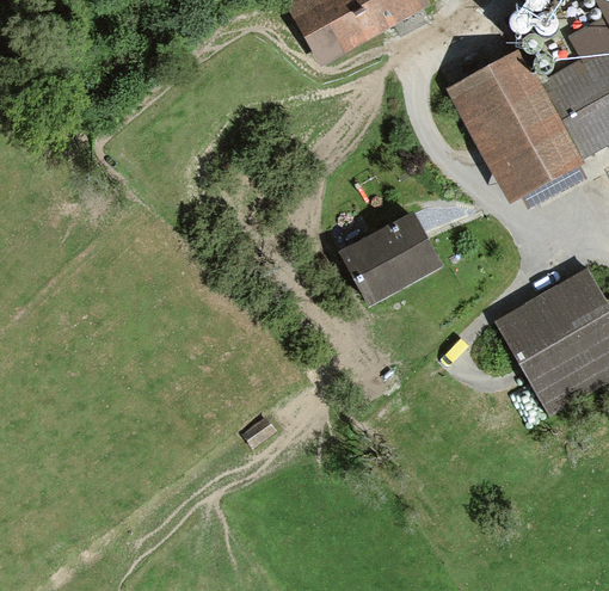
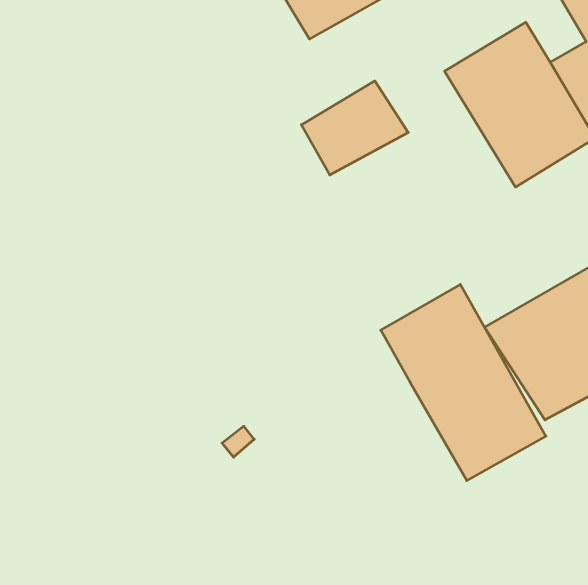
building: [342,210,441,297] -> [301,81,408,175]
building: none -> [381,284,546,481]

